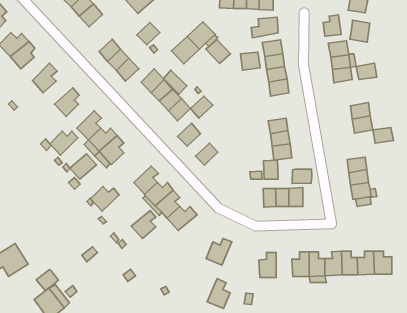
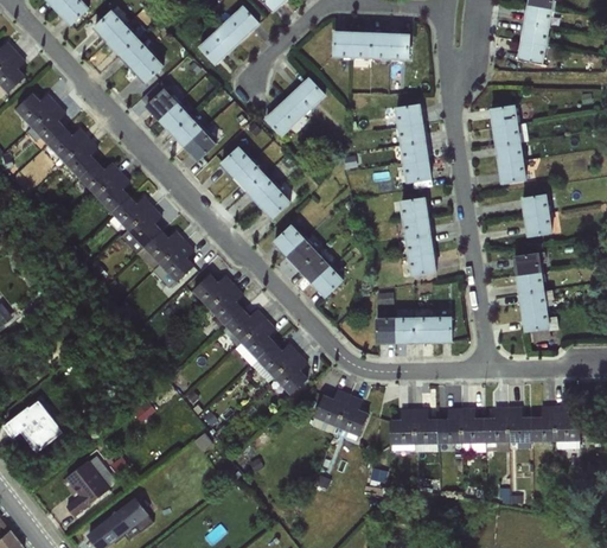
building: [323,15,341,36] -> none
building: [251,17,278,38] -> none
building: [350,20,370,42] -> none
building: [137,23,160,45] -> [145,88,178,120]
building: [206,40,230,63] -> none
building: [240,52,260,70] -> none
building: none -> [46,128,88,161]
building: [356,63,377,80] -> [497,160,526,184]
building: [163,70,187,94] -> none
building: none -> [78,163,121,196]
building: [191,96,213,118] -> [286,238,318,270]
building: none -> [400,197,428,219]
building: [373,127,393,143] -> [512,253,542,275]
building: [50,131,78,155] -> [111,196,152,230]
building: none -> [311,265,344,298]
building: [70,154,97,179] -> none
building: [263,160,278,179] -> [375,317,396,344]
building: [292,169,312,184] -> none
building: [90,186,119,211] -> [192,273,234,308]
building: [131,210,156,239] -> [273,355,308,395]
building: none -> [414,409,437,445]
building: [36,270,59,291] -> none
building: [207,279,230,308] -> [336,394,369,437]

